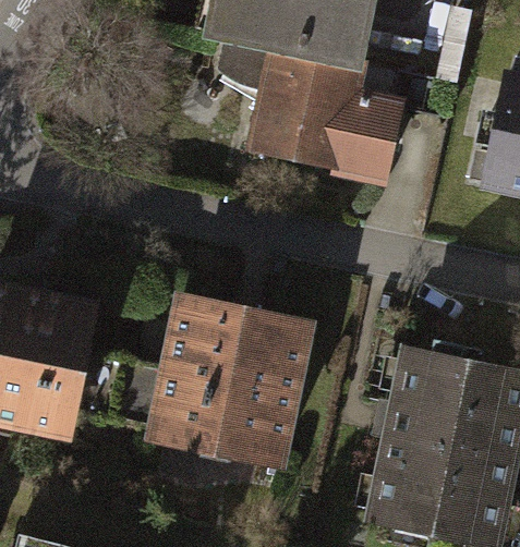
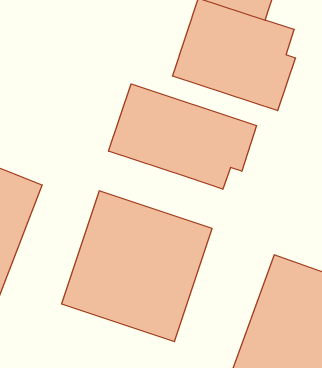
building: none -> [109,84,256,189]

